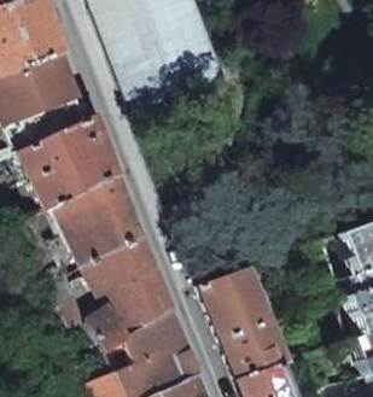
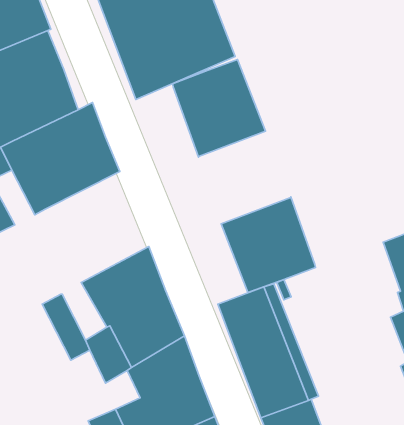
building: none -> [172,60,265,157]
building: [57,171,144,264] -> none
building: none -> [221,197,316,293]

